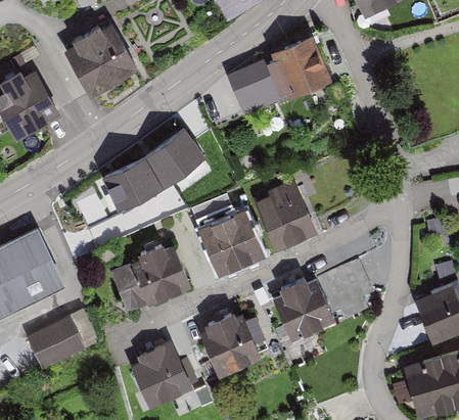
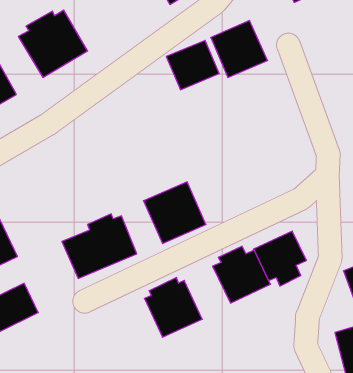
building: [100,135,203,218] -> none
building: [254,182,318,251] -> none
building: [131,341,192,406] -> none

